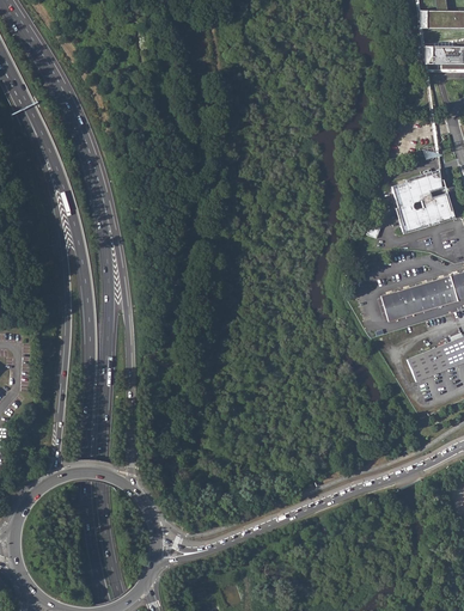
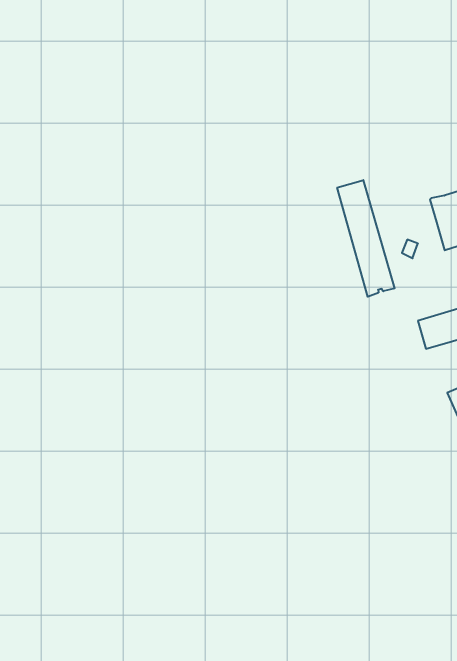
building: none -> [337,180,395,297]

